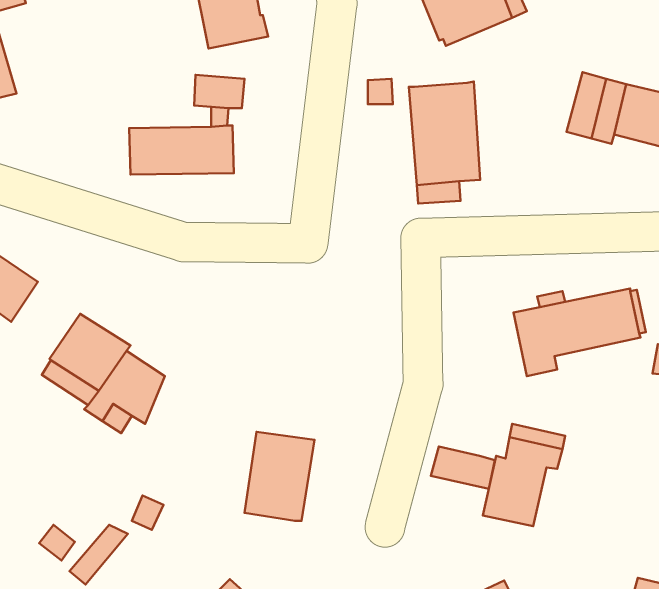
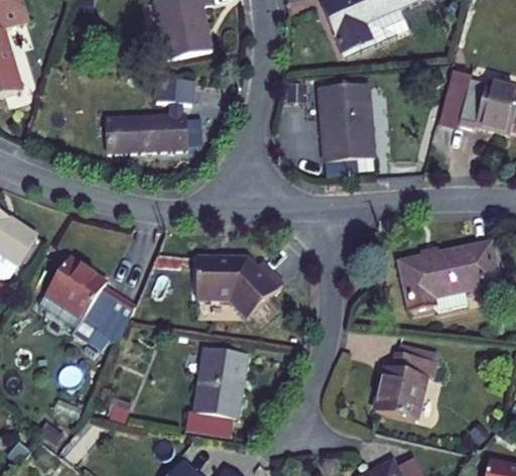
building: none -> [195,253,281,317]
building: [431,446,495,489] -> none
building: none -> [185,408,233,436]

